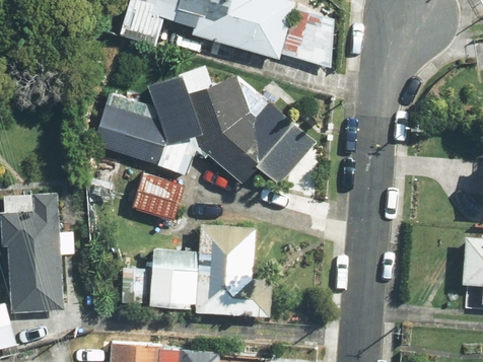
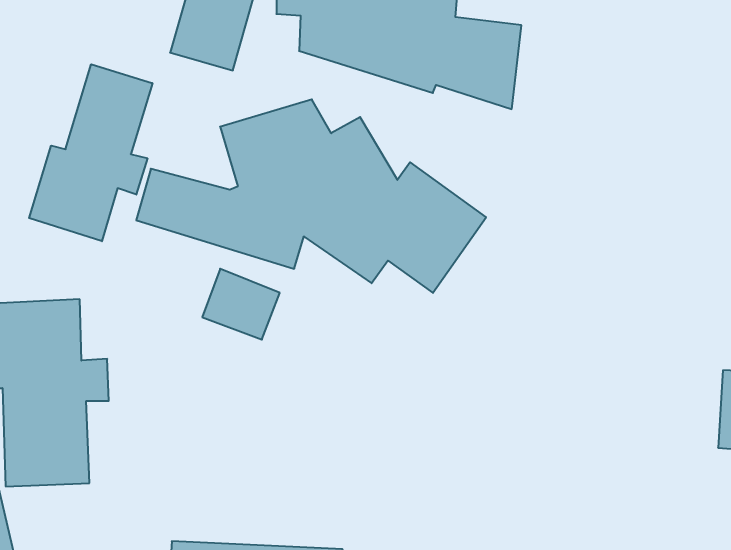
building: none -> [29,64,152,241]
building: [118,224,271,317] -> none

